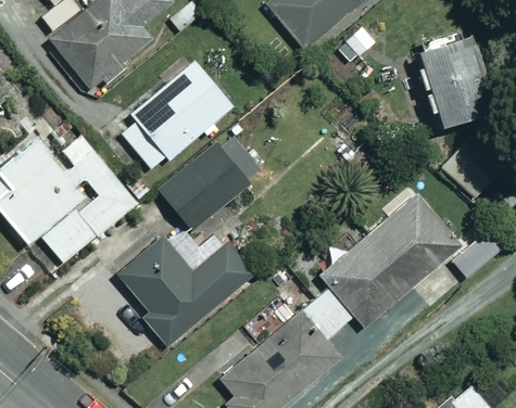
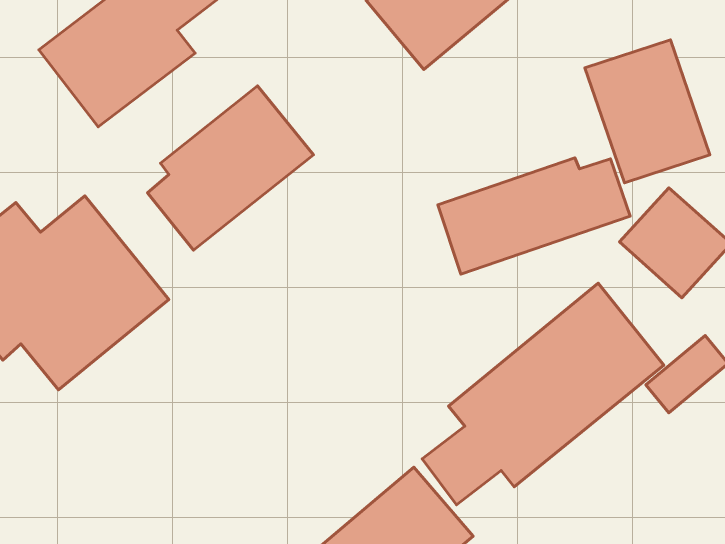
building: none -> [438,158,630,274]
building: [156,129,264,230] -> none
building: [117,229,252,347] -> none

